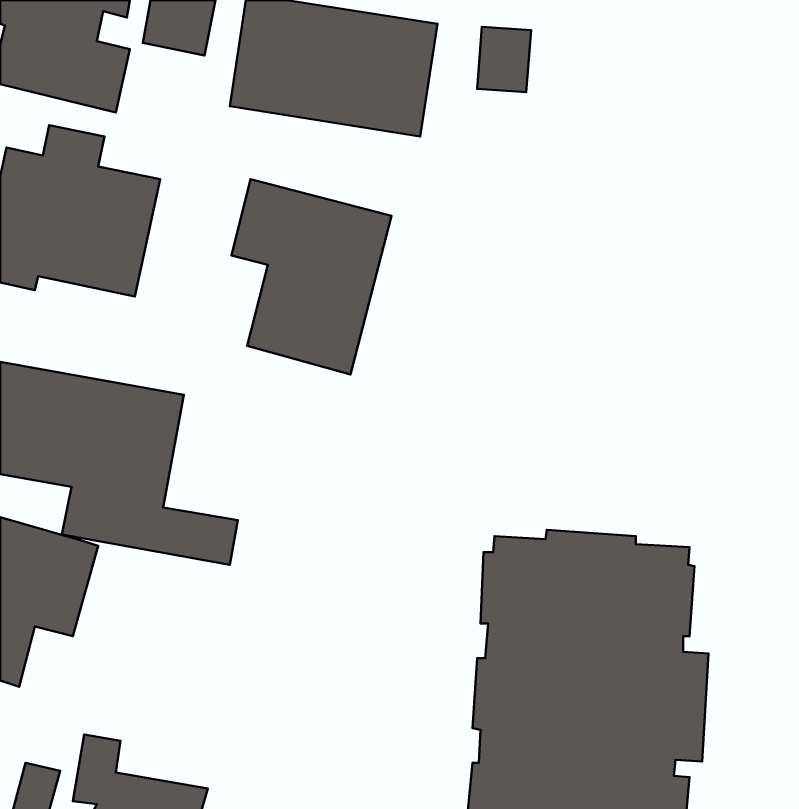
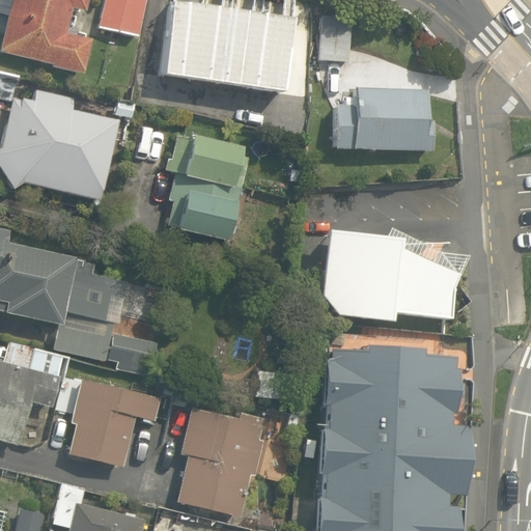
building: none -> [334,76,438,152]
building: none -> [318,233,463,325]
building: none -> [62,366,167,467]
building: none -> [178,403,271,520]

